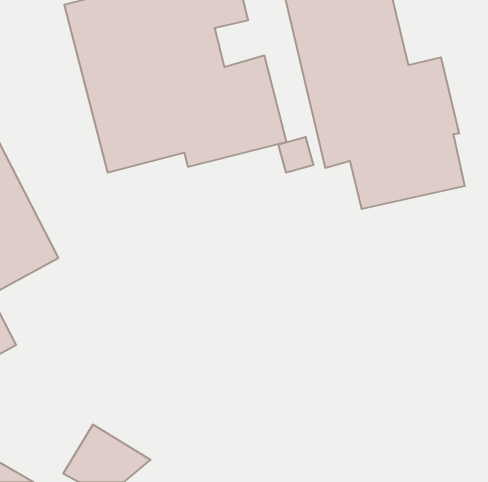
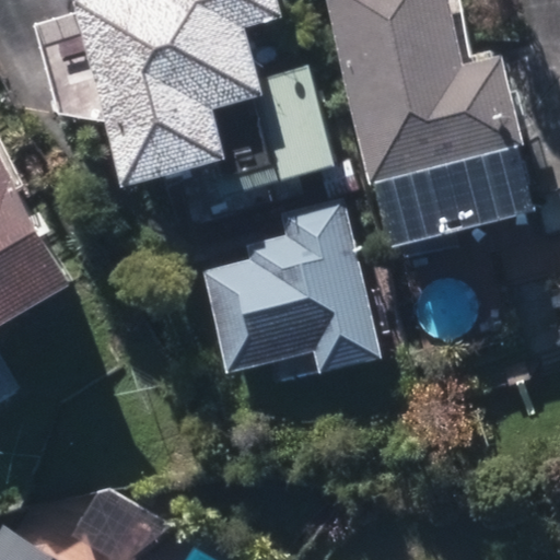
building: none -> [199,198,376,366]

